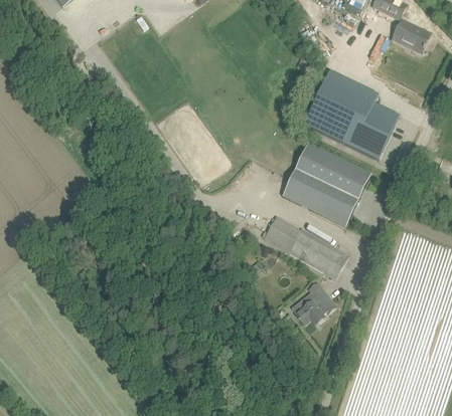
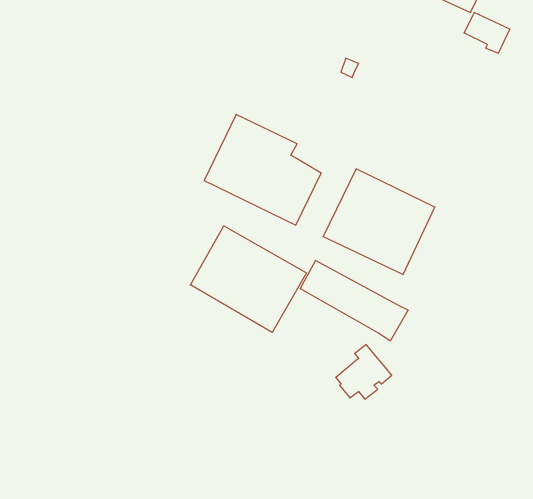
building: [304,71,397,159] -> [204,114,321,225]
building: none -> [190,226,307,332]

